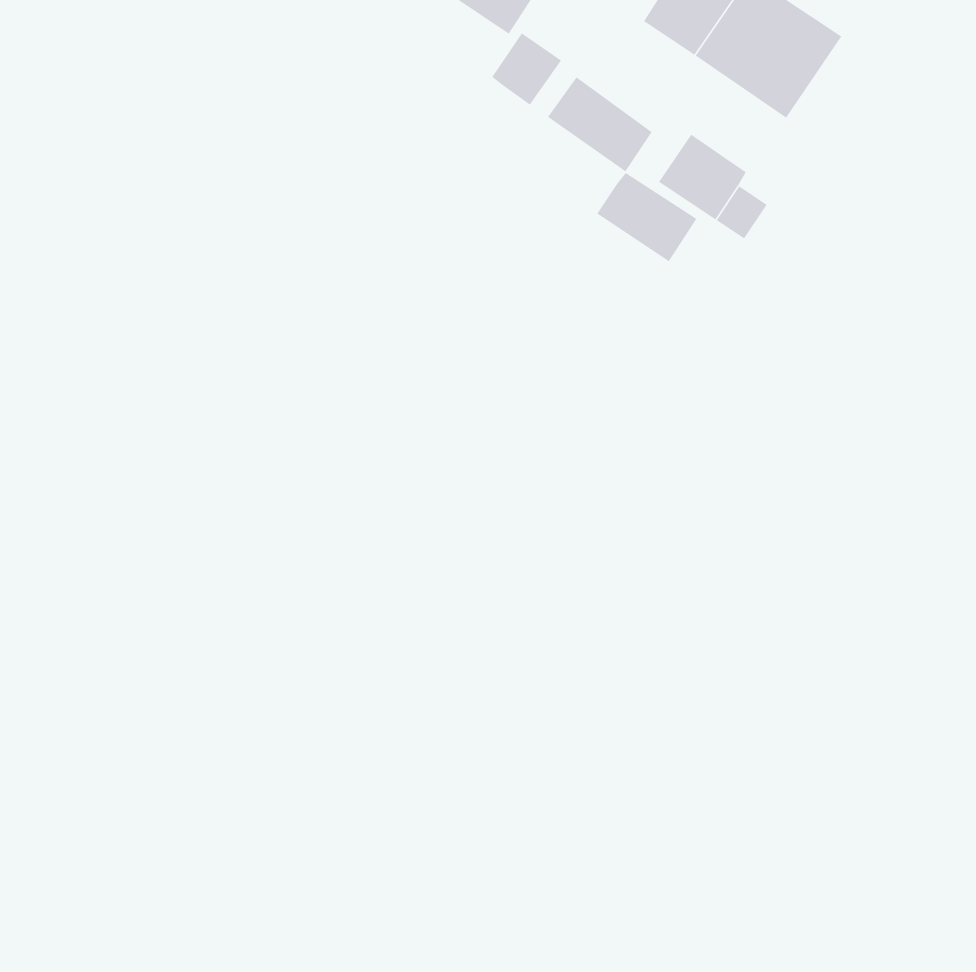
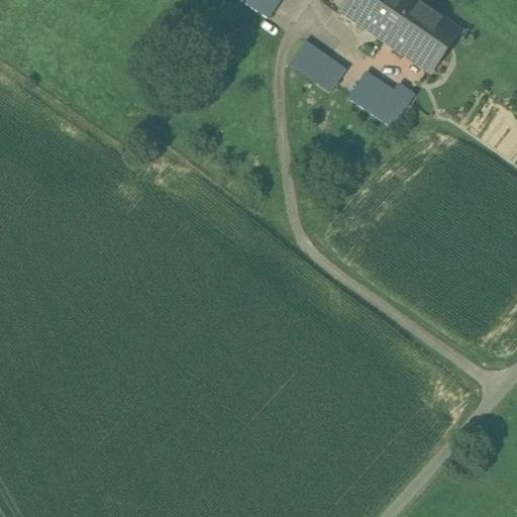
building: [491,32,562,105] -> none
building: none -> [416,19,459,72]
building: [596,172,697,262] -> none

